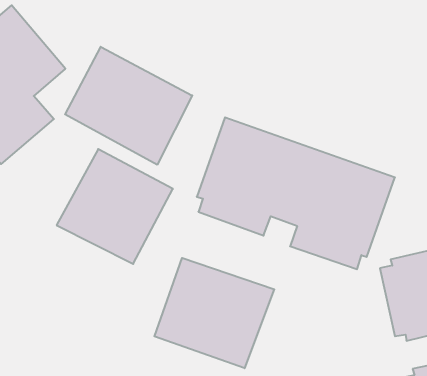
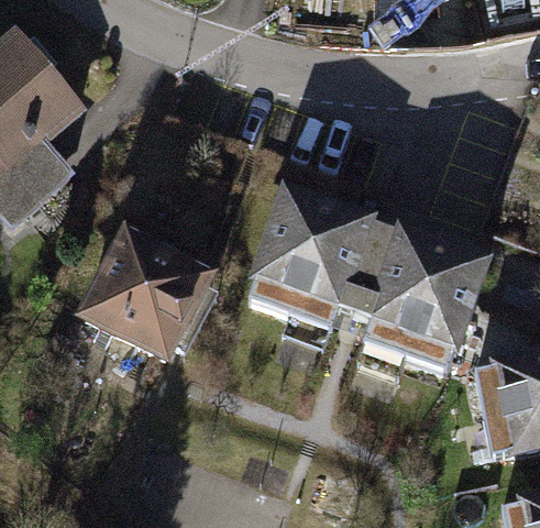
building: [65,47,192,165] -> none
building: [154,258,274,368] -> none

